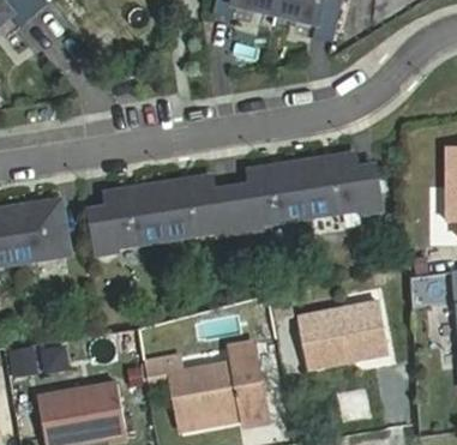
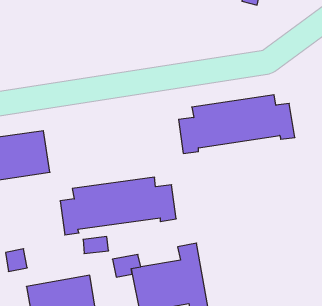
building: [88,175,235,248] -> [60,177,176,235]
building: [296,302,389,368] -> none

